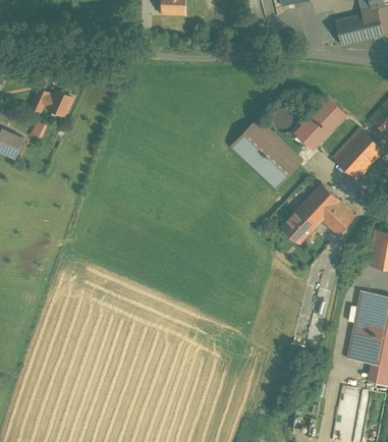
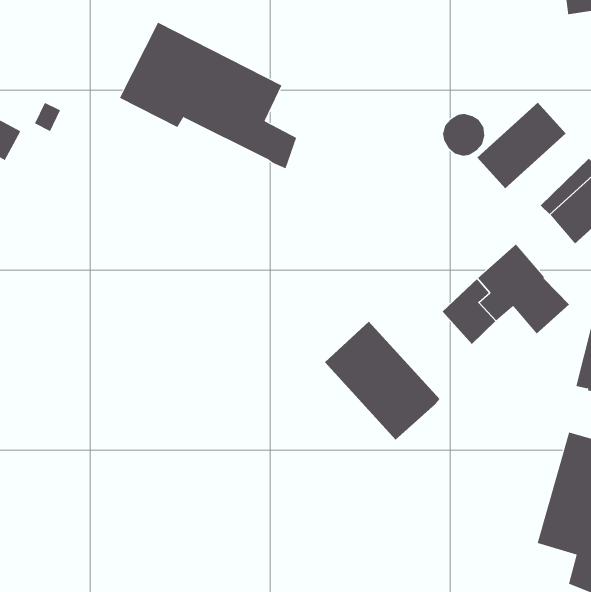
building: none -> [119,22,297,169]
building: [30,88,72,115] -> none
building: [231,118,301,187] -> [324,321,440,440]

